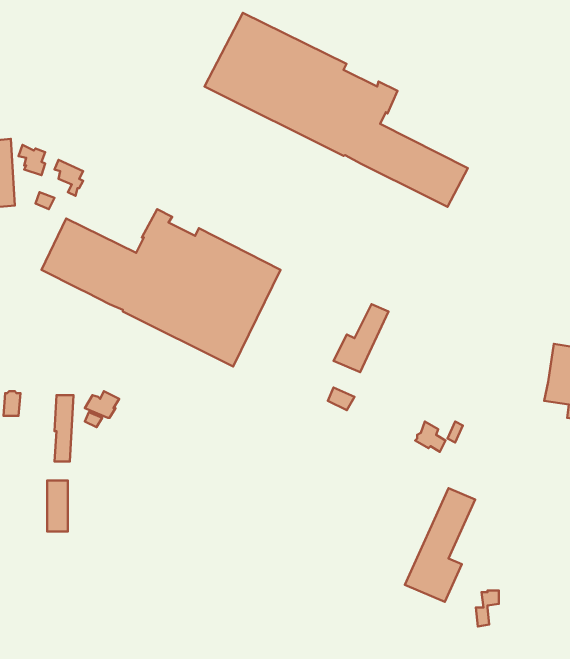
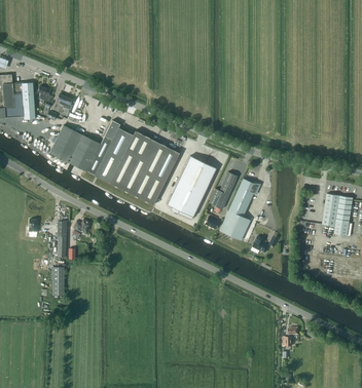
building: [205,13,468,207] -> none
building: none -> [167,156,216,220]
building: [405,488,475,602] -> [219,180,257,241]

